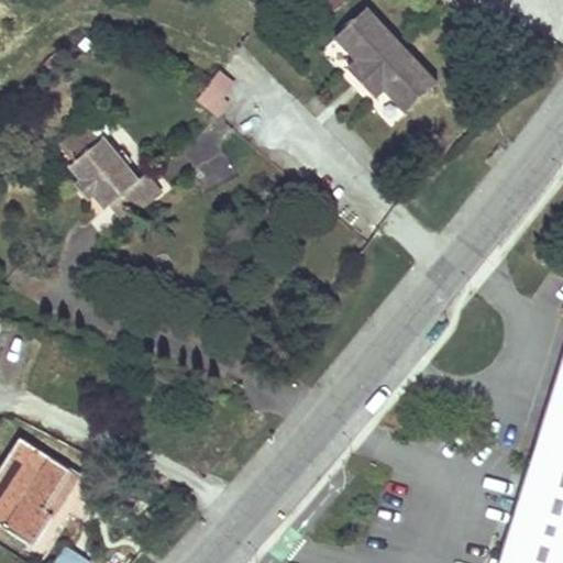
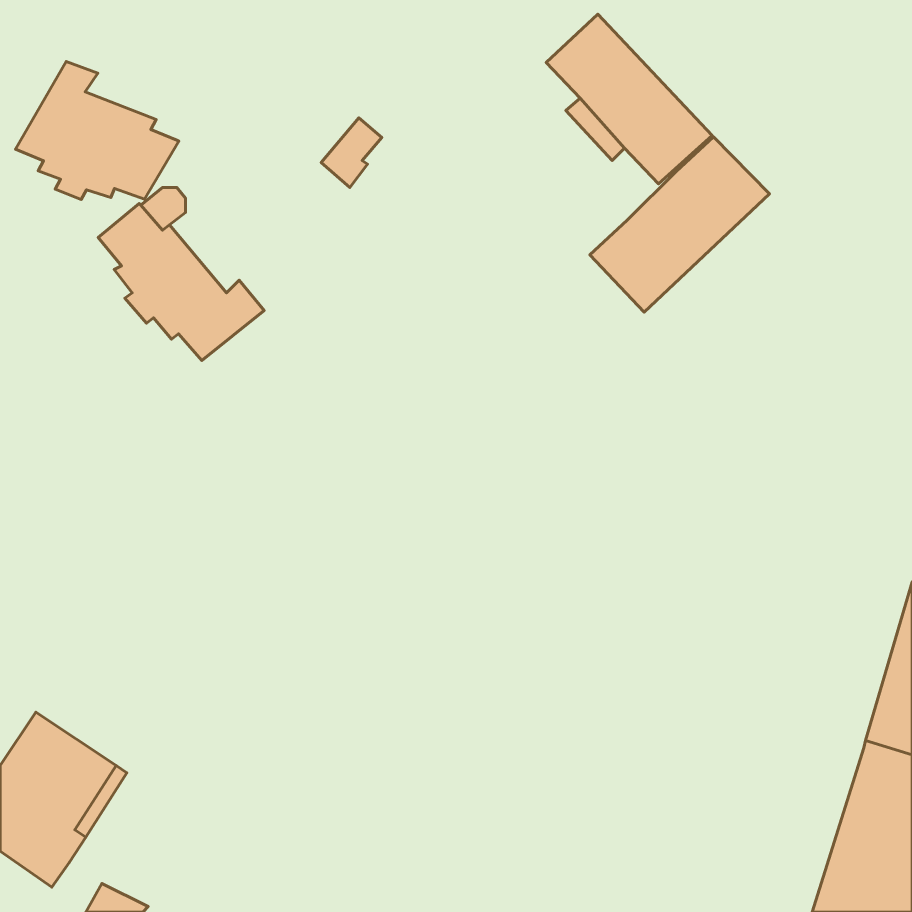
building: none -> [15,61,179,200]
building: none -> [590,137,770,312]

